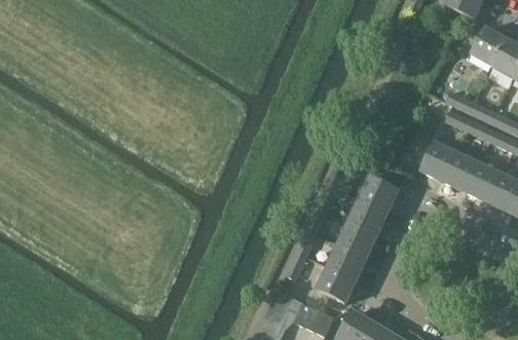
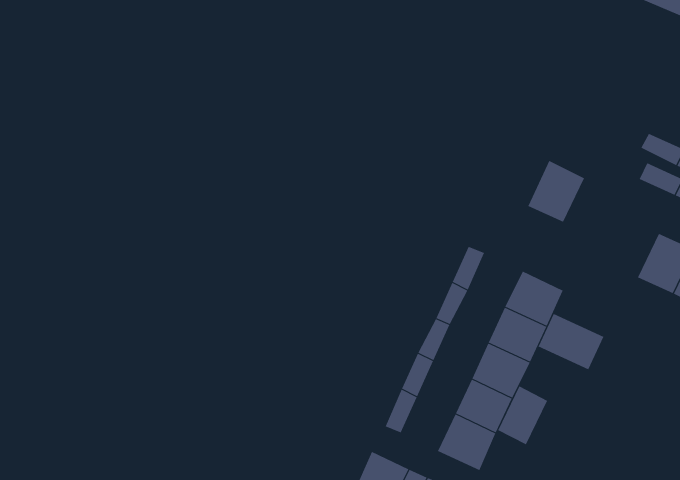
building: [421,142,457,181] -> [528,160,585,222]
building: none -> [538,313,604,370]
building: none -> [498,386,548,445]

